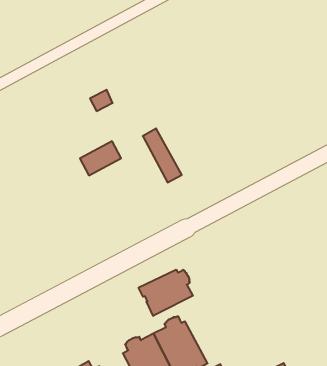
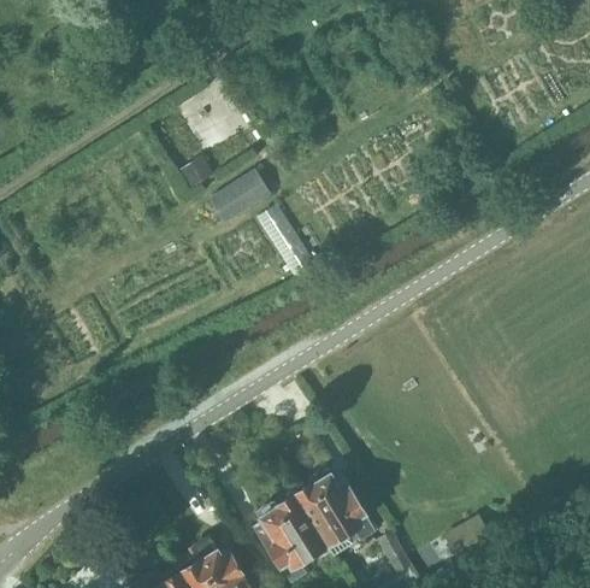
building: [80,141,121,175] -> [212,171,270,222]
building: [139,270,193,316] -> none

